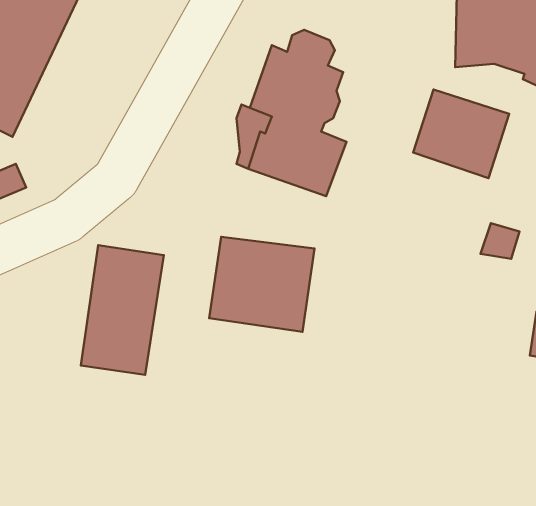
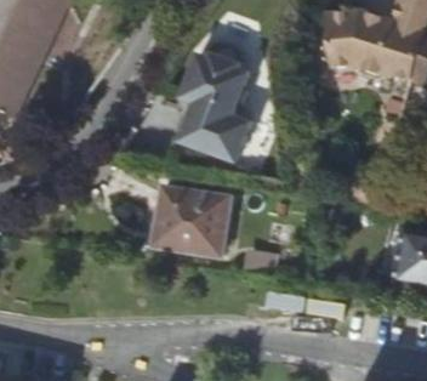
building: [413,89,509,178] -> none
building: [81,245,164,375] -> none

